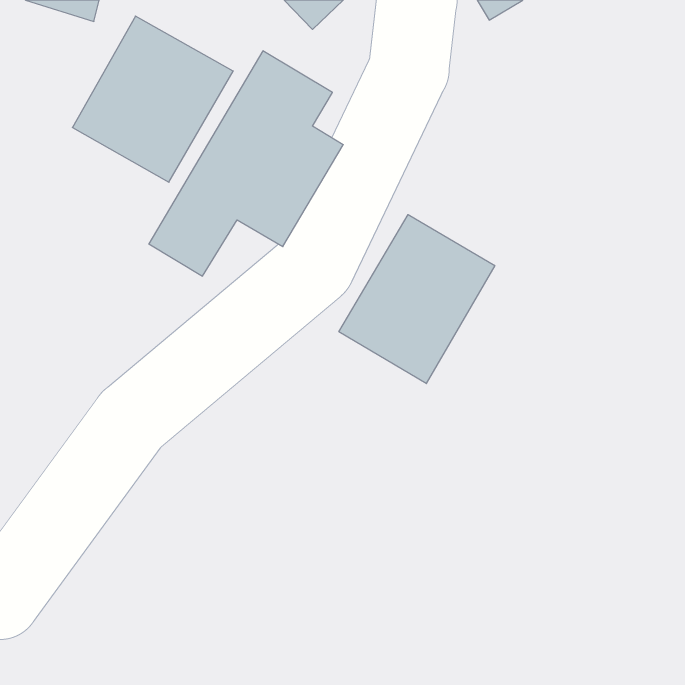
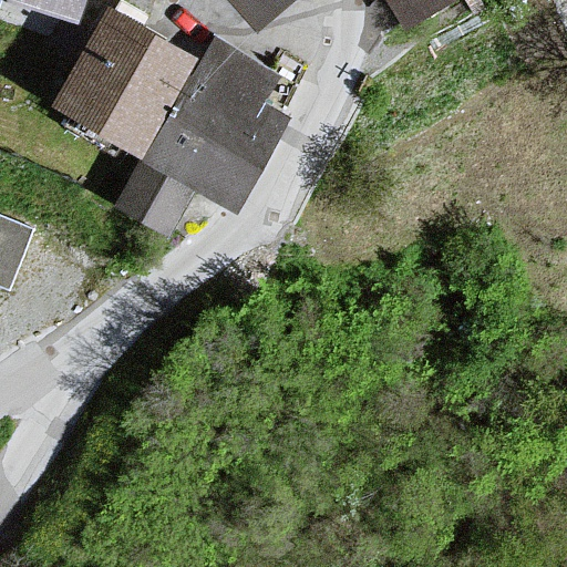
building: [339,215,495,384] -> none

